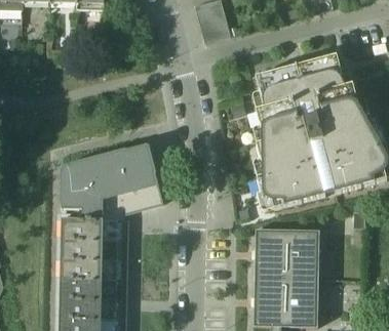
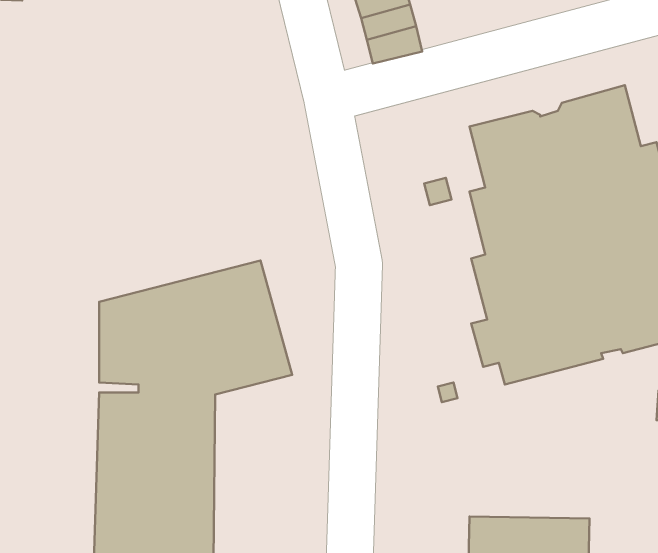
building: [255,230,319,279] -> none

